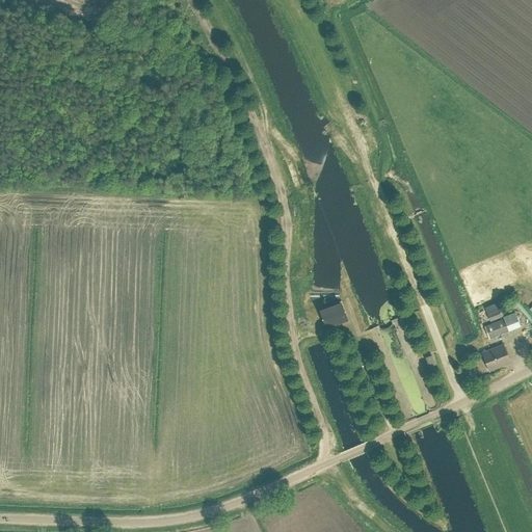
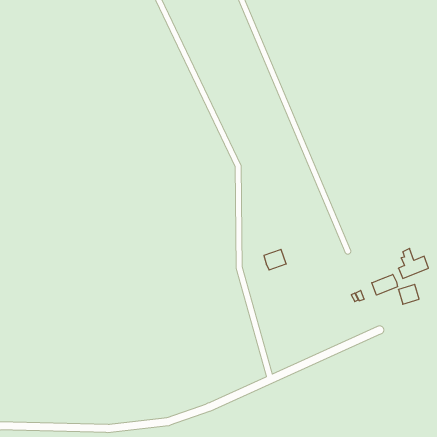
building: none -> [372,274,398,295]

